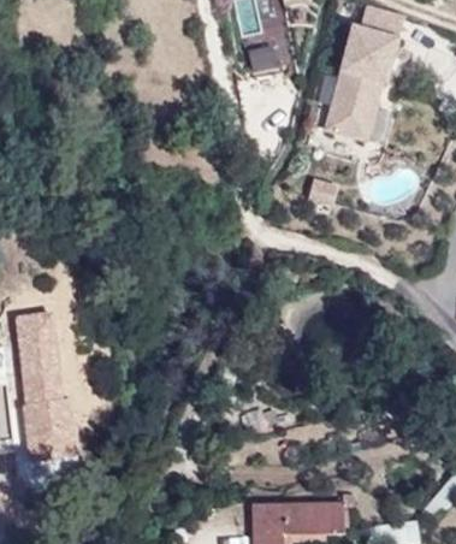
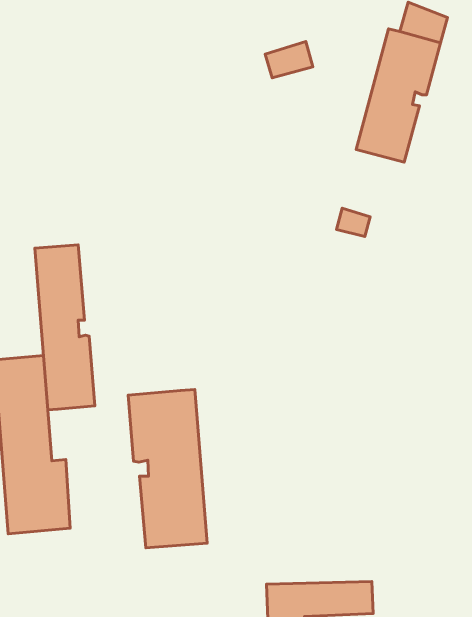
building: none -> [35,245,95,410]
building: none -> [128,390,207,548]

